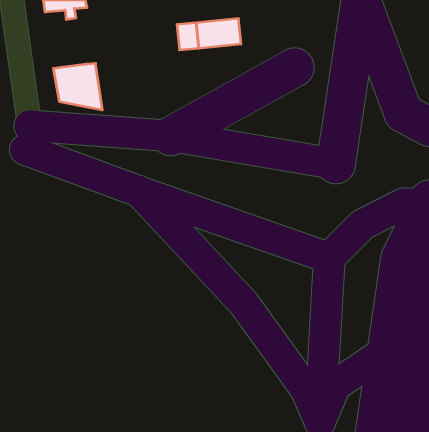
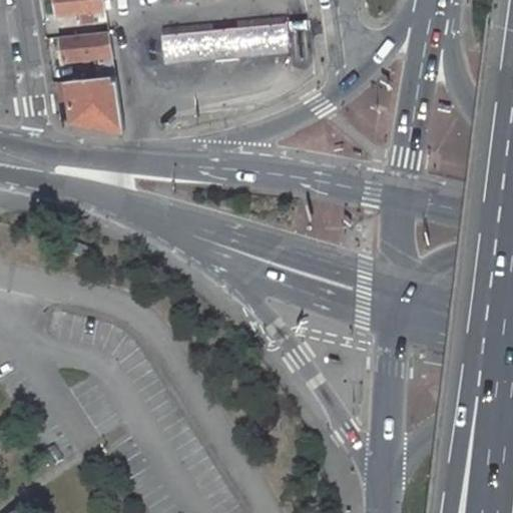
building: none -> [159,29,212,64]
building: none -> [57,31,113,76]

